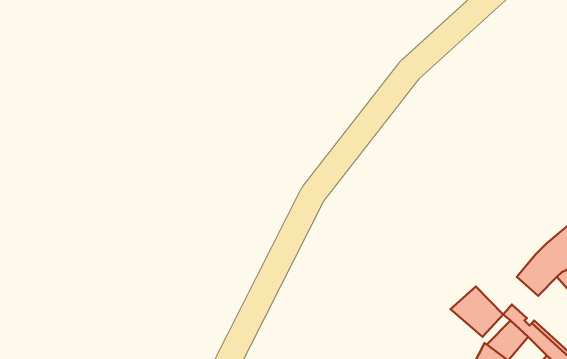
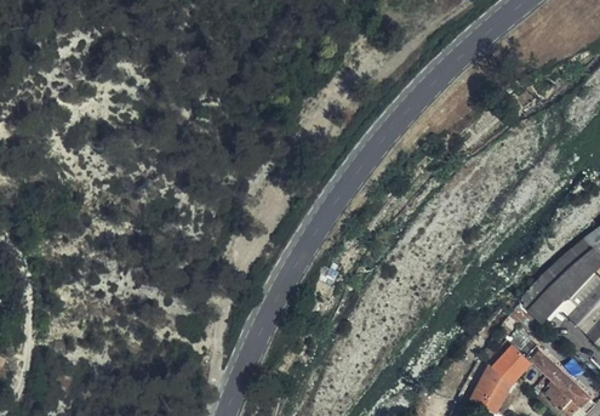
building: [450,286,503,337] -> none

